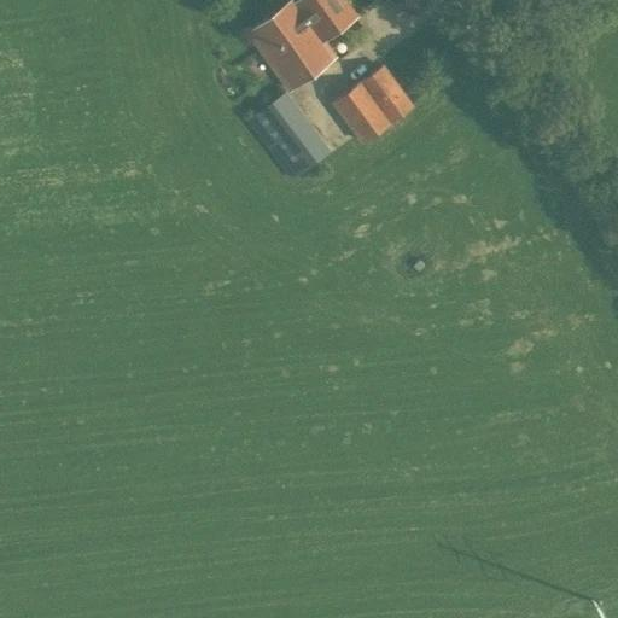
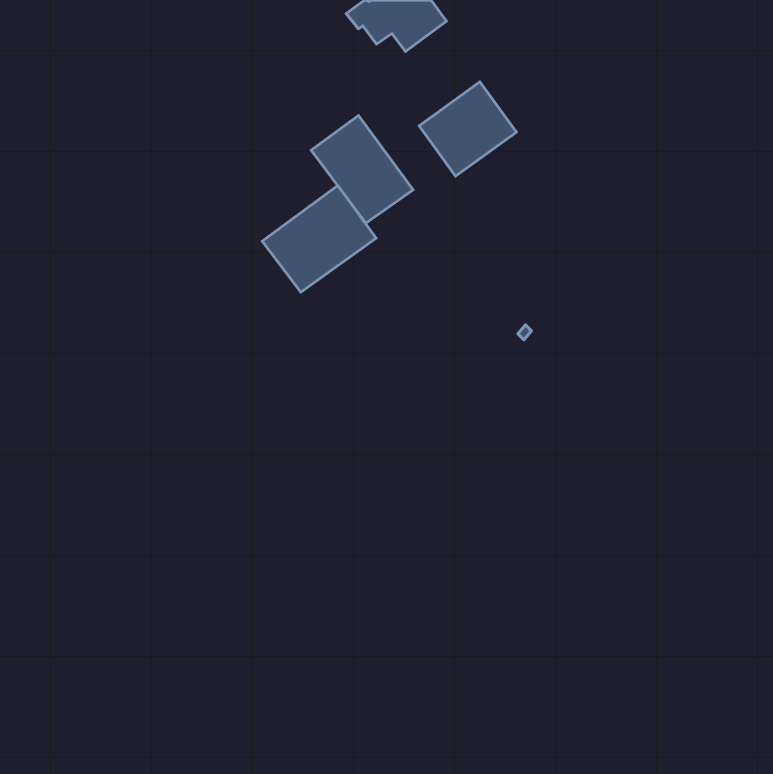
building: [251,12,337,91] -> none
building: none -> [262,186,376,292]

